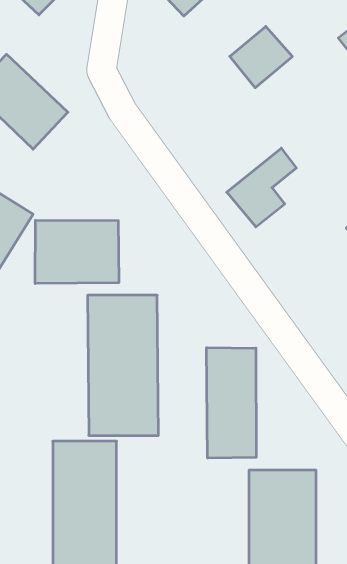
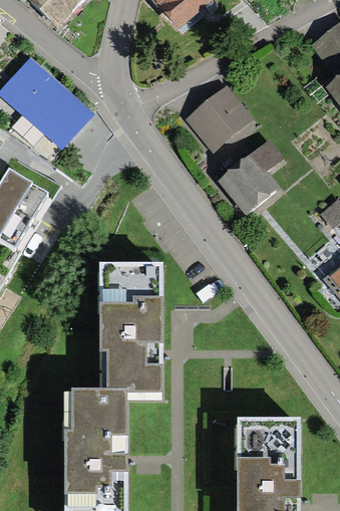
building: [230,26,292,88] -> [193,89,247,143]
building: [35,220,119,284] -> none
building: [207,348,256,458] -> none

